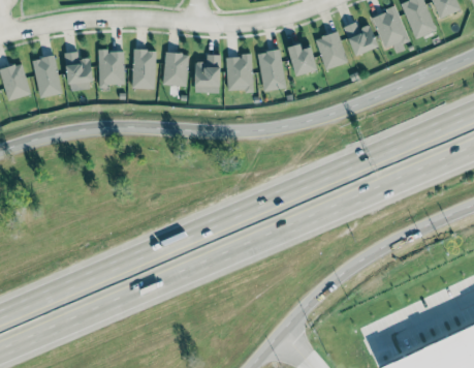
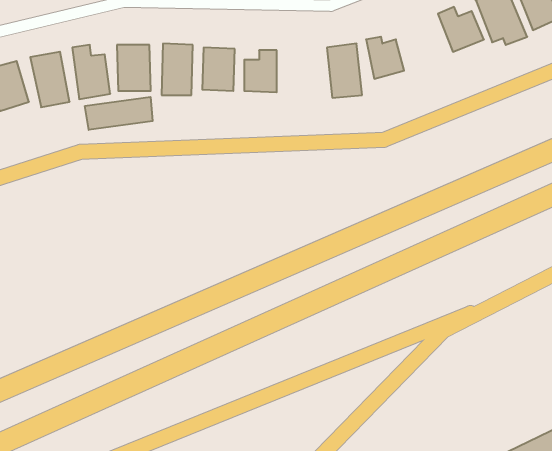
building: [315,31,348,69] -> none
building: [226,54,253,91] -> none
building: none -> [85,97,153,130]

